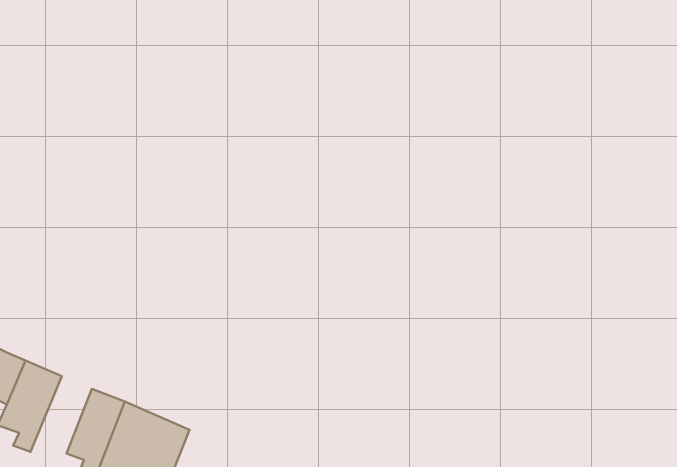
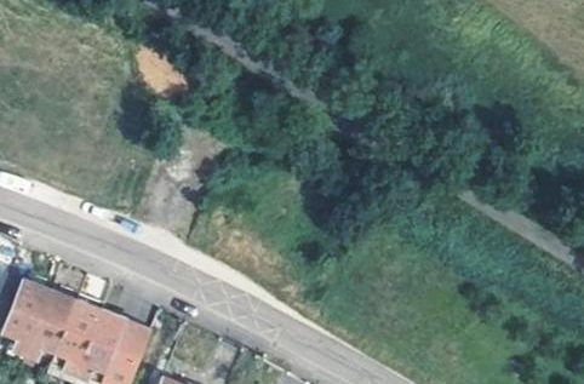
building: none -> [28,292,75,355]

